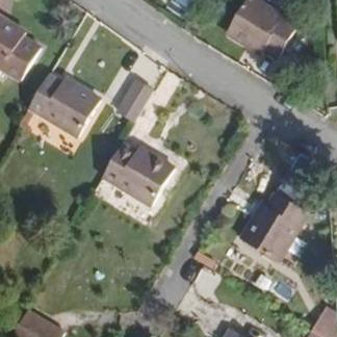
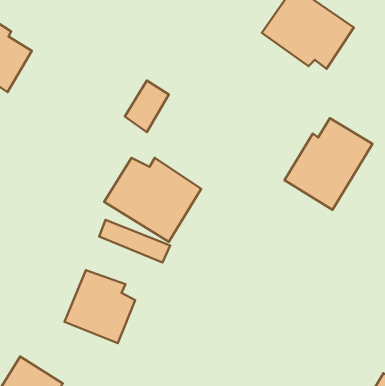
building: [28,60,100,125] -> none
building: [238,190,309,264] -> [285,118,372,210]
building: none -> [65,270,135,343]

